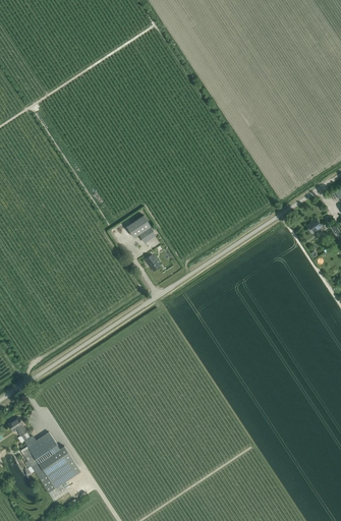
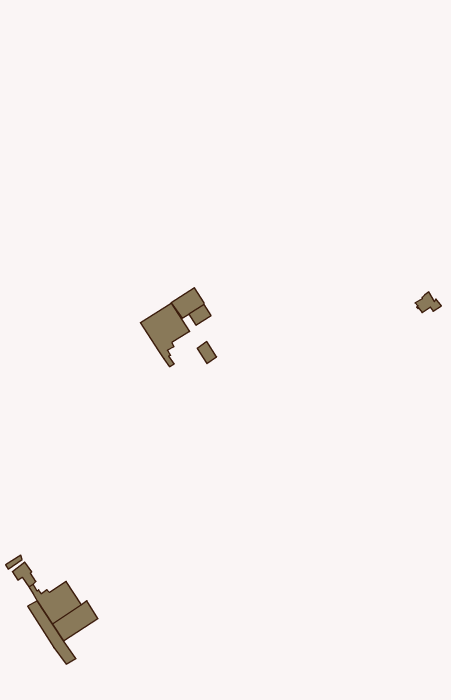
building: none -> [140,303,190,367]
building: [47,459,81,488] -> none

